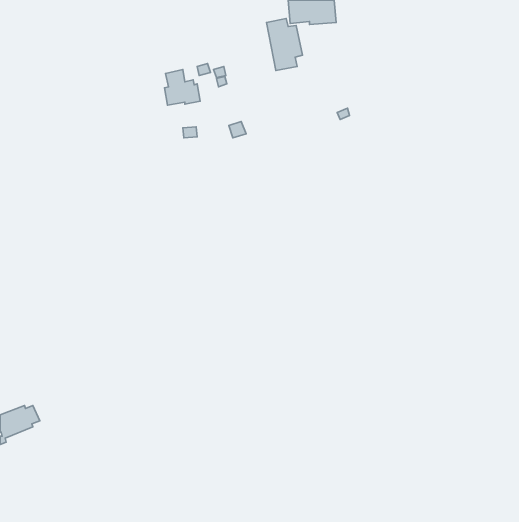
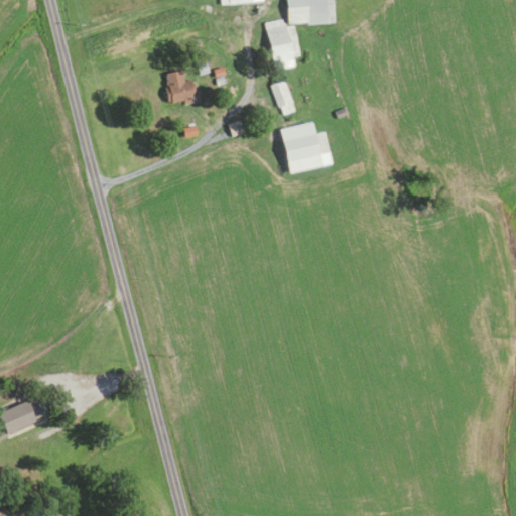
building: none -> [271,79,295,114]
building: none -> [280,121,332,172]

